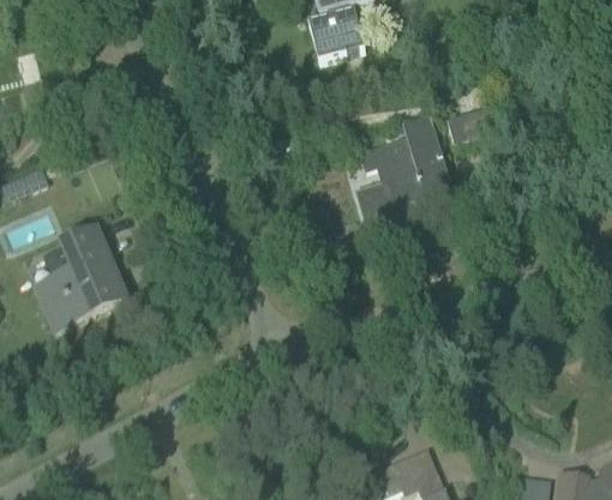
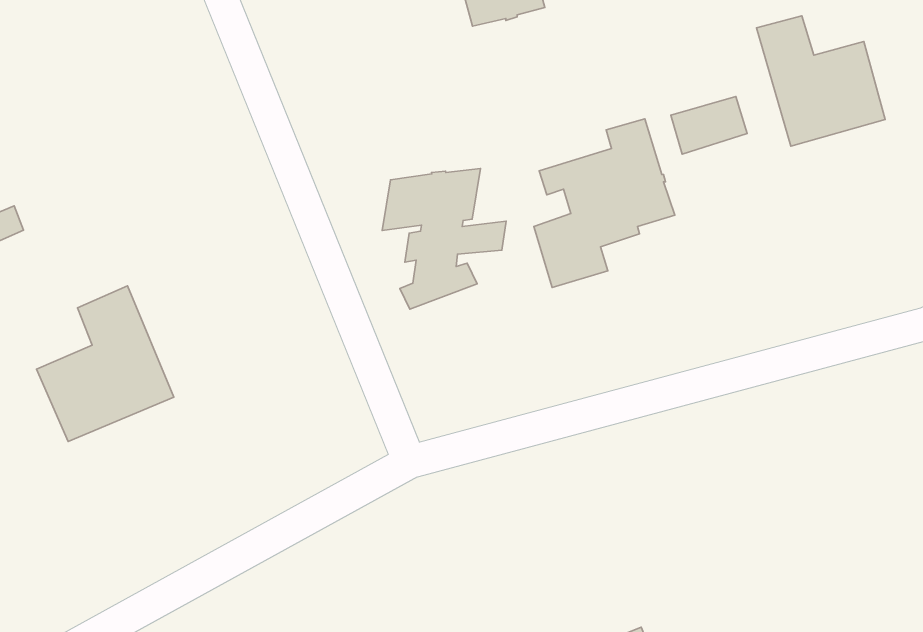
building: none -> [757,16,885,146]
building: none -> [382,169,506,309]

